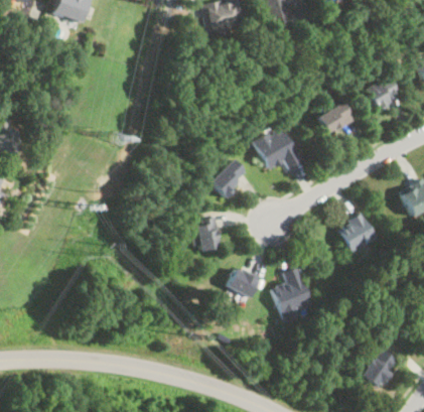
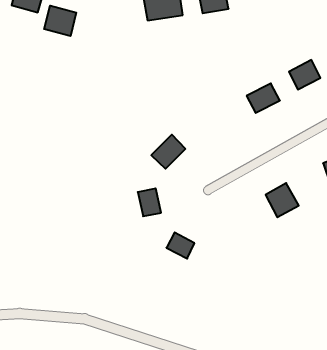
building: none -> [44,6,76,36]
building: [256,127,303,169] -> none
building: [273,268,313,319] -> none
building: [362,350,398,387] -> none

